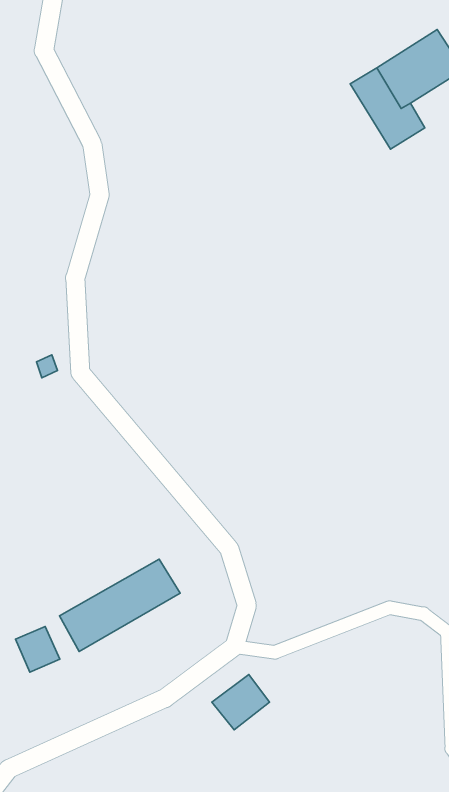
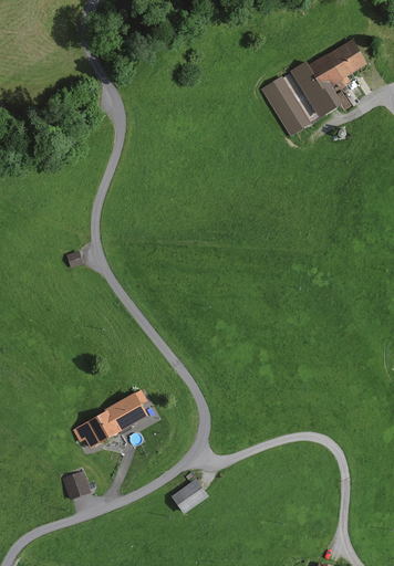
building: none -> [257,76,310,137]
building: [15,626,60,672] -> [59,468,89,499]

